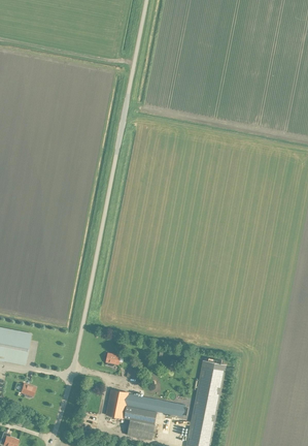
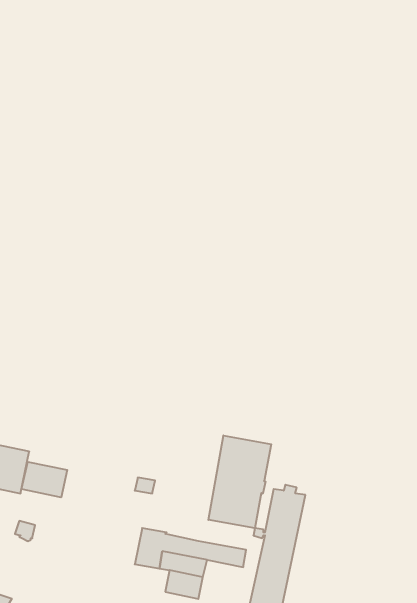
building: none -> [208,435,271,528]
building: none -> [22,462,67,497]

